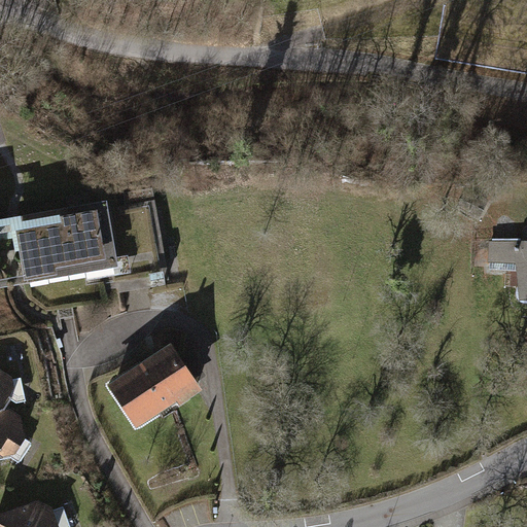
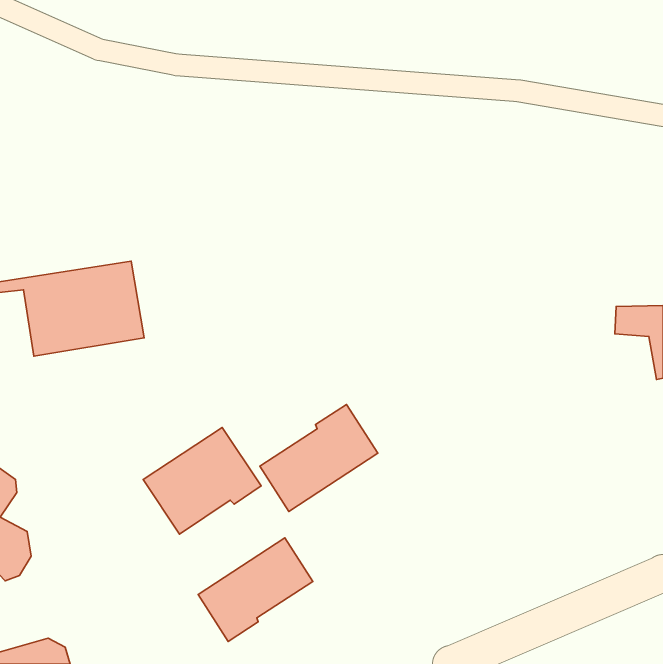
building: none -> [260,405,378,512]
building: none -> [198,538,313,641]

